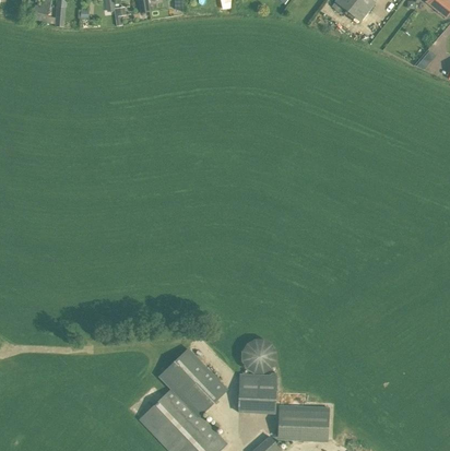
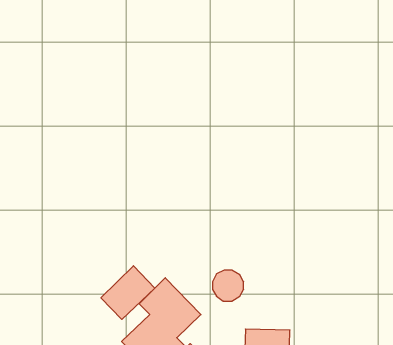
building: none -> [101,266,155,319]
building: [237,373,275,413] -> none

